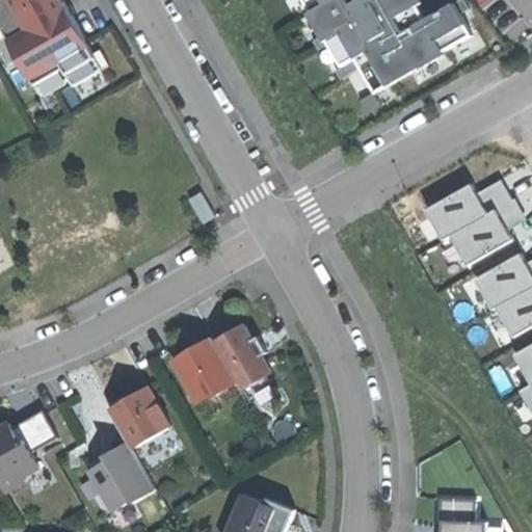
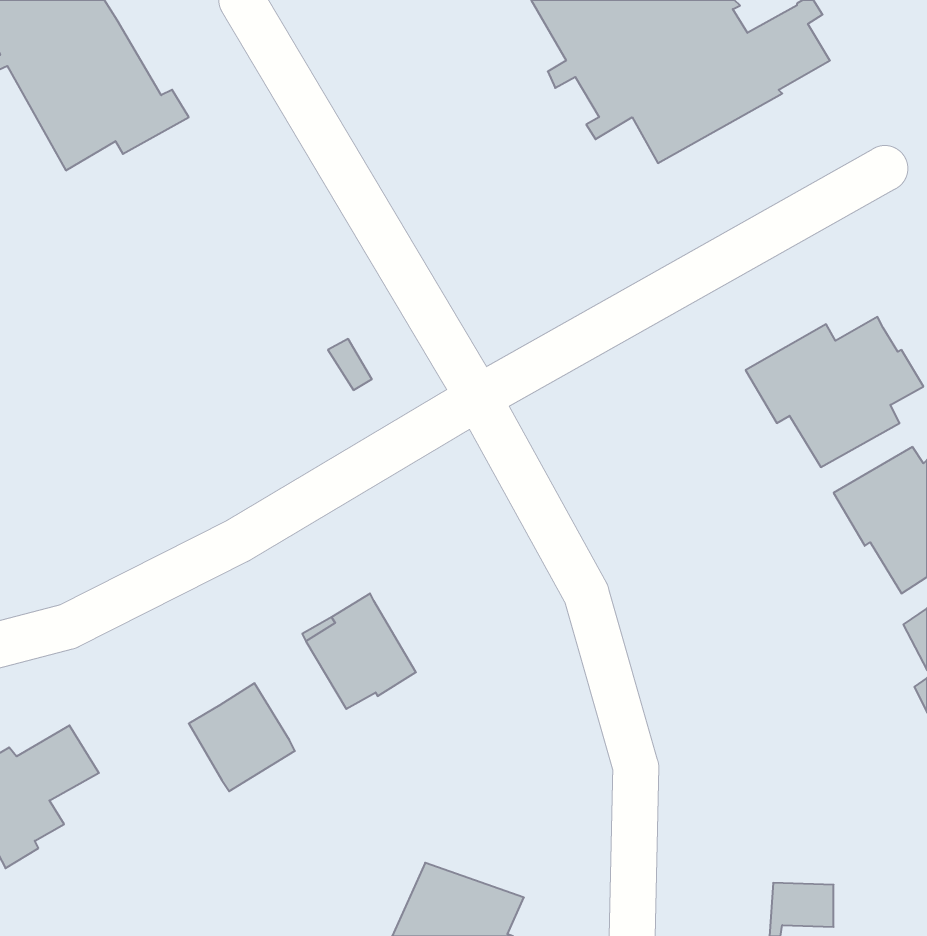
building: [212,323,269,389] -> none
building: [86,443,154,512] -> none

